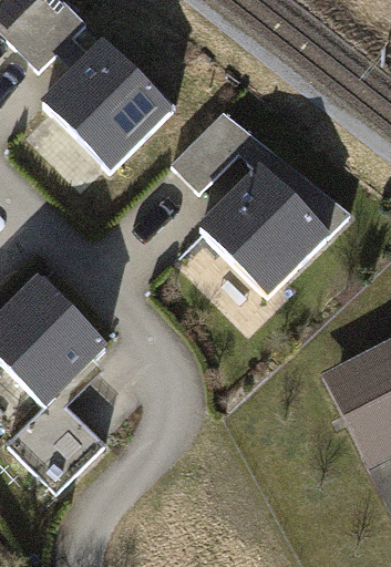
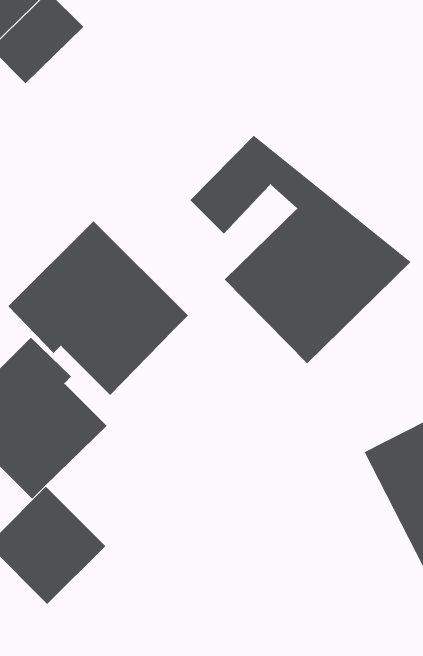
building: [42,39,173,169] -> none
building: none -> [7,220,189,396]

